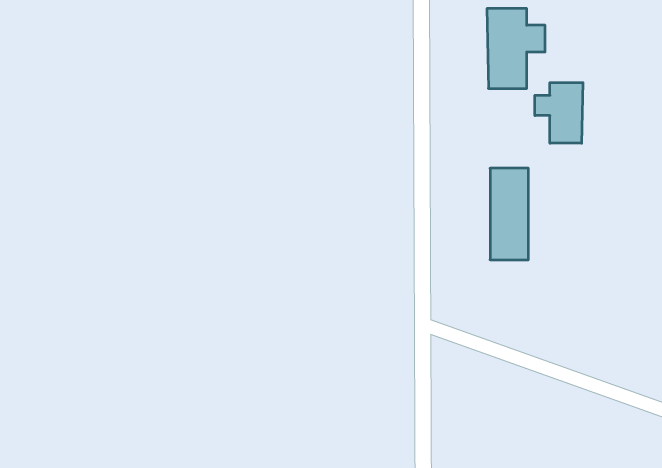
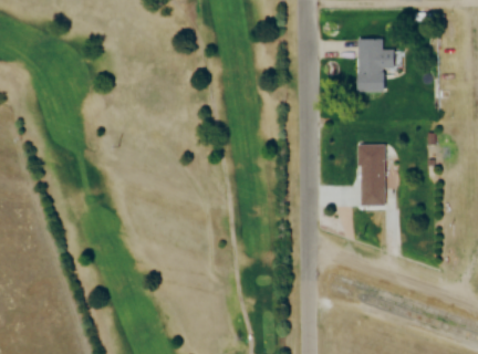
building: [535,83,583,143] -> none

